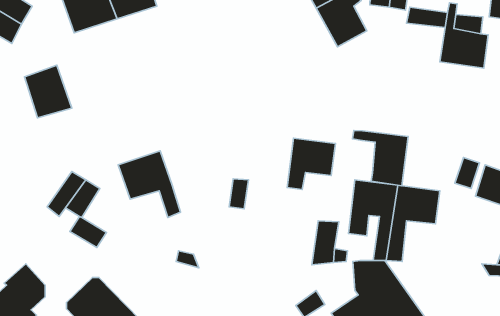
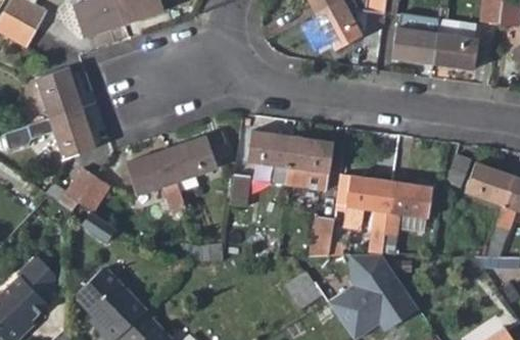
building: none -> [390,28,436,64]
building: none -> [27,108,94,158]
building: [353,130,408,186] -> none
building: none -> [166,130,229,182]
building: none -> [246,131,292,184]

